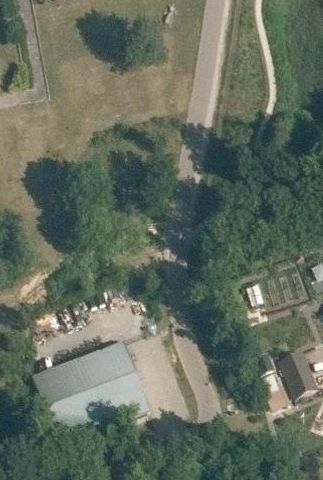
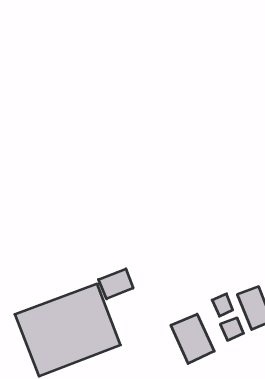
building: none -> [98,269,133,299]
building: none -> [171,314,214,364]

